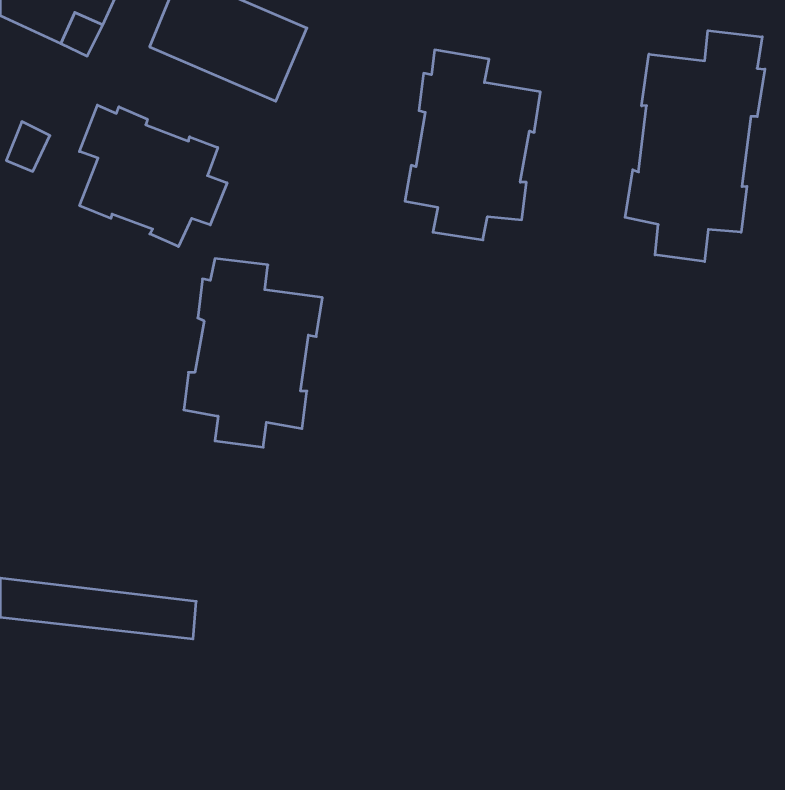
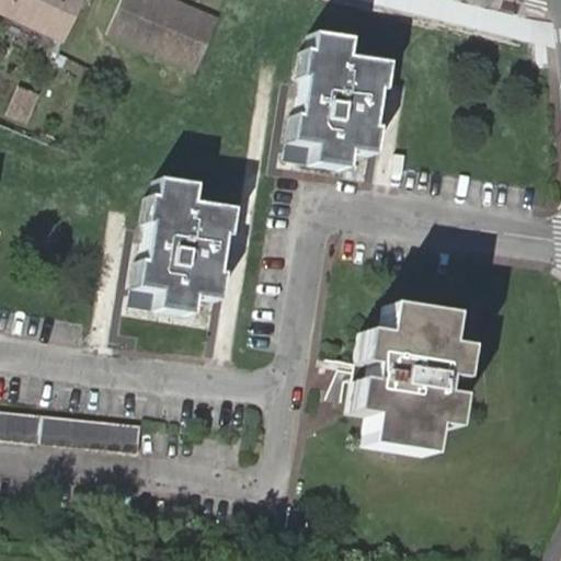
building: [625,31,765,262] -> none
building: [79,105,227,247] -> none
building: none -> [352,306,466,455]

